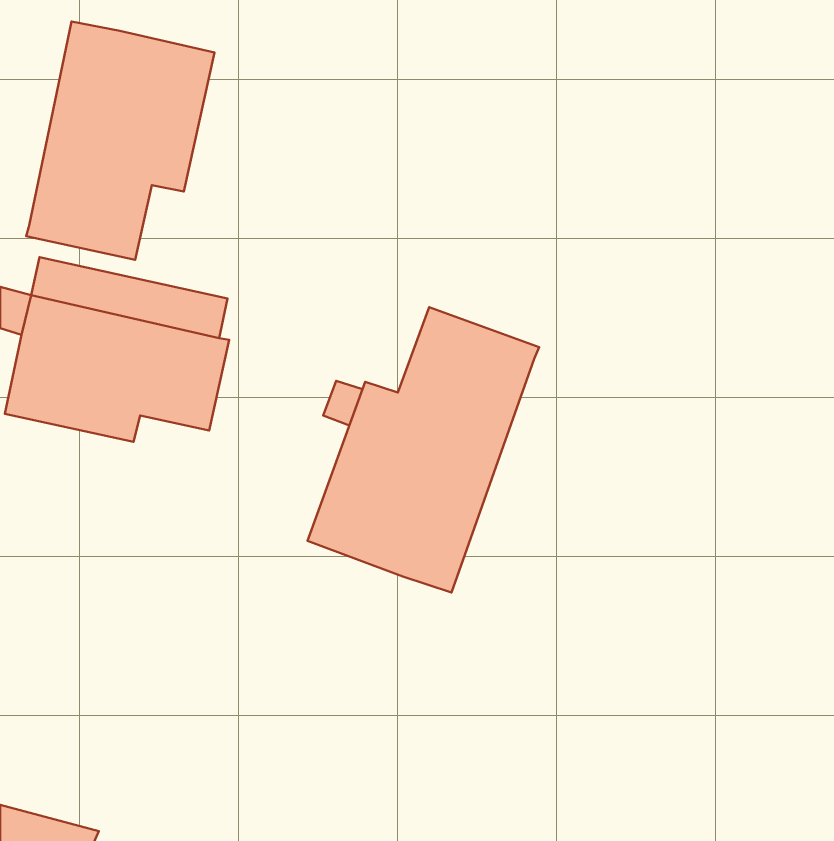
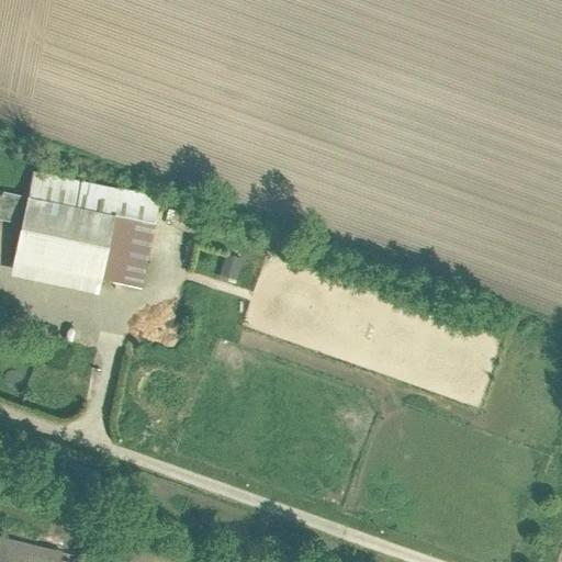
building: [26,22,214,260] -> none
building: [307,307,539,593] -> none

